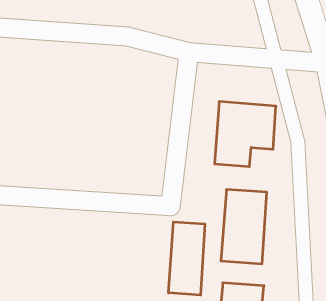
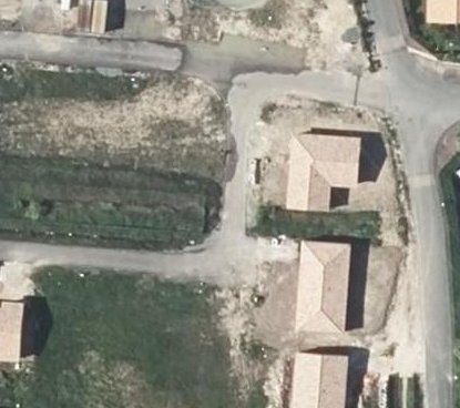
building: [169,222,205,295] -> none

